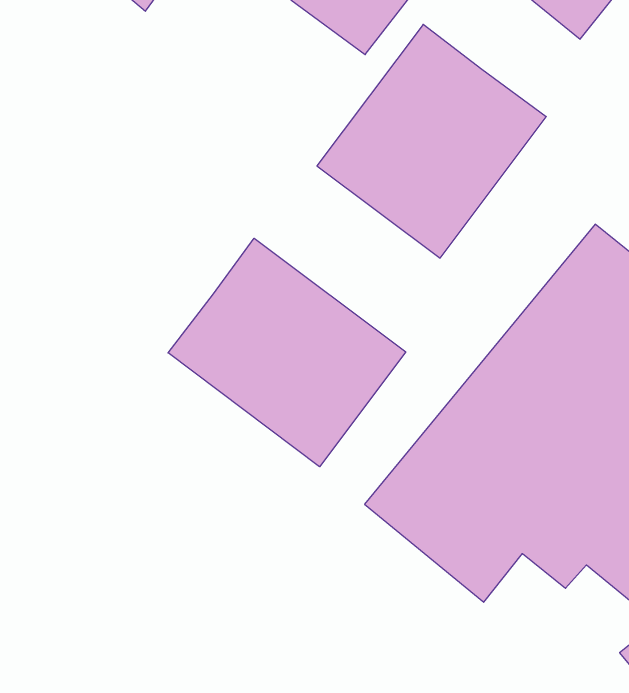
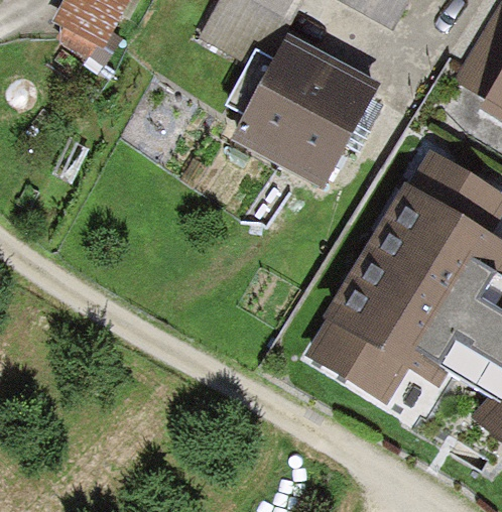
building: [168,238,406,467] -> none

